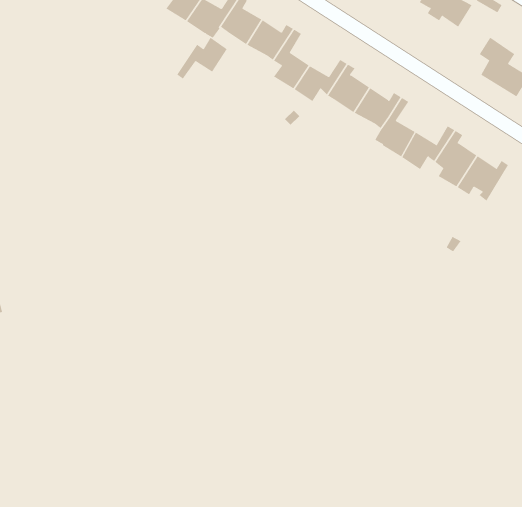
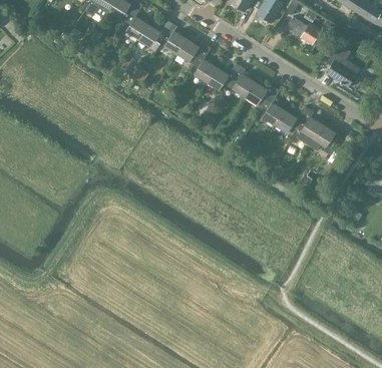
building: [176,37,227,80] -> none

